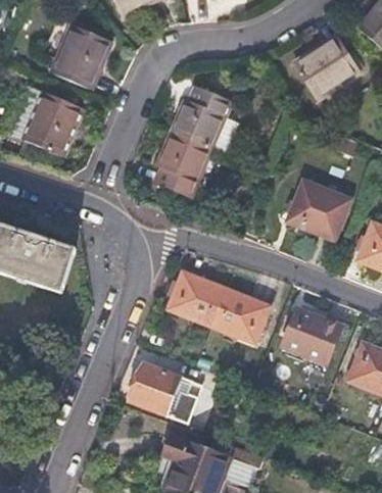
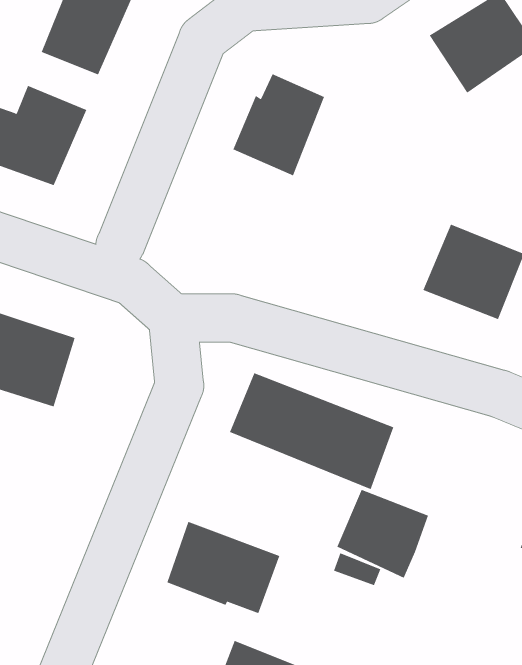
building: [155,134,208,196] -> none
building: [283,310,340,365] -> [336,489,429,578]

